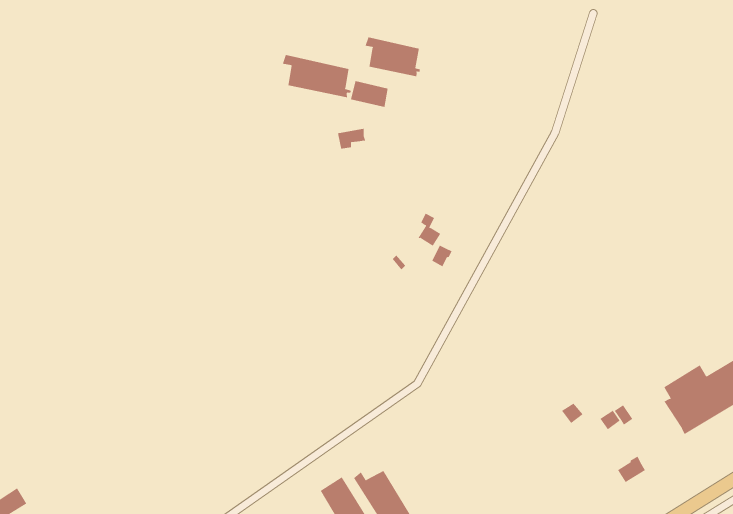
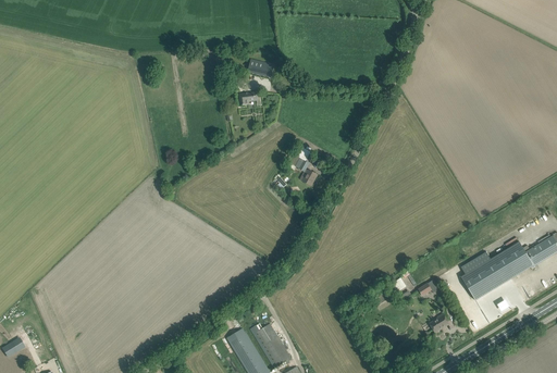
building: [365,36,420,77] -> none
building: [282,54,351,98] -> none

